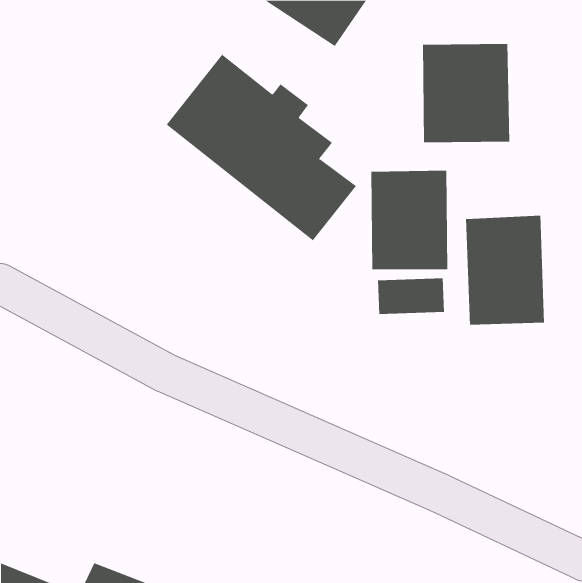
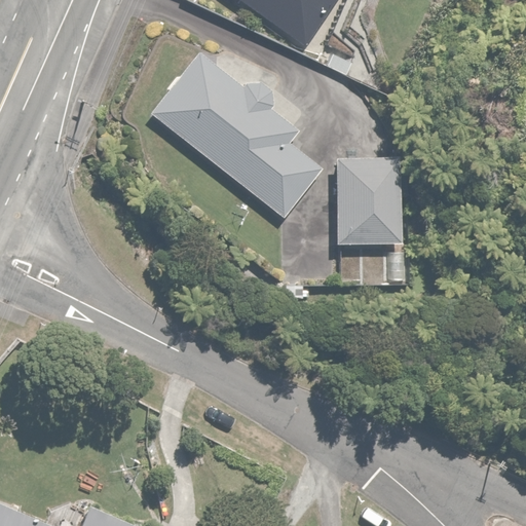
building: [422,43,510,143] -> none
building: [466,215,544,326] -> none

